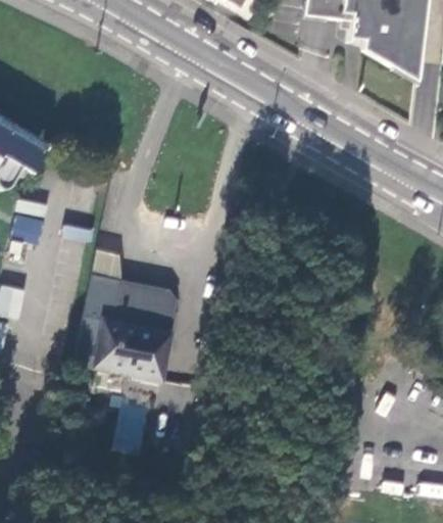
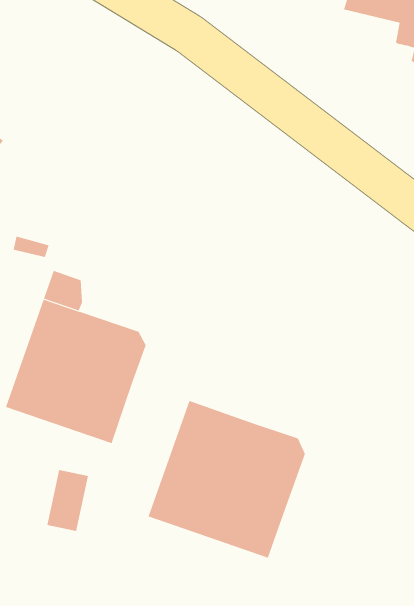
building: none -> [148,400,305,558]

